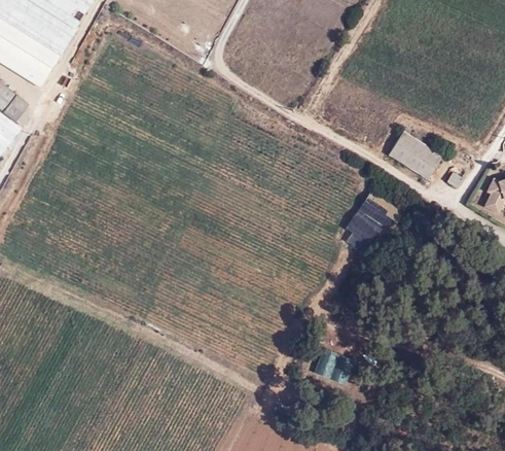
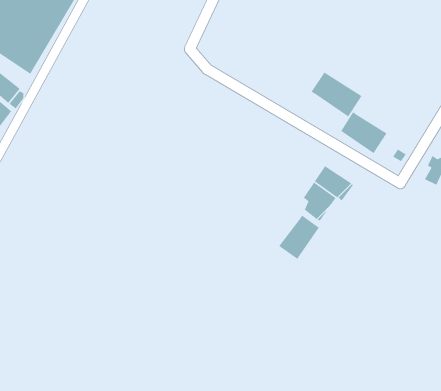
building: none -> [311,72,362,117]
building: none -> [278,214,320,260]

